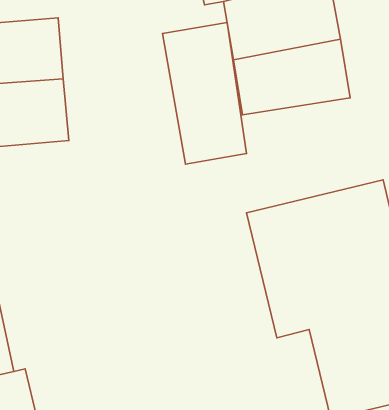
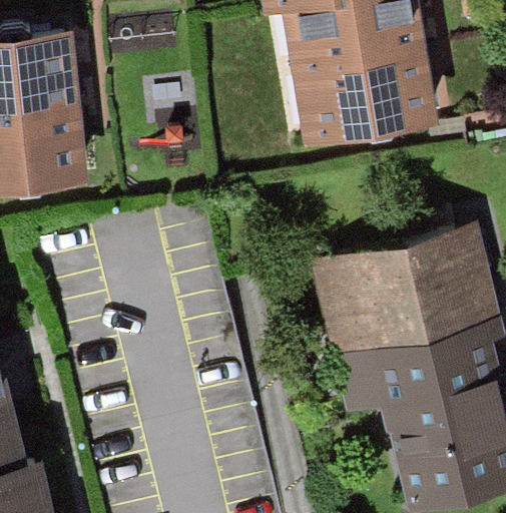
building: [162,23,246,164] -> none

